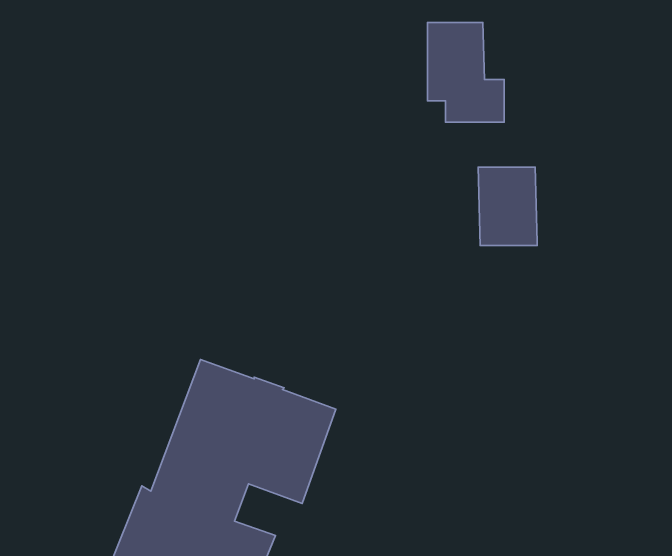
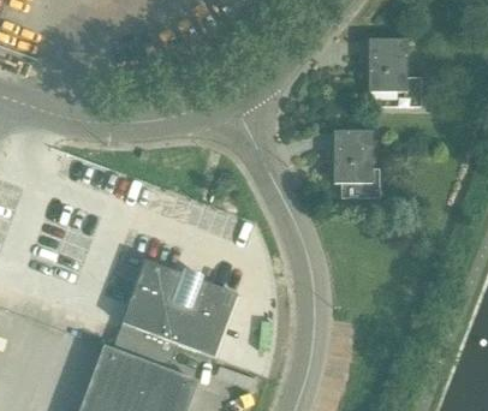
building: [428,22,504,122] -> [369,38,421,106]

